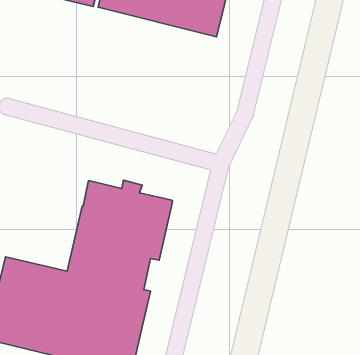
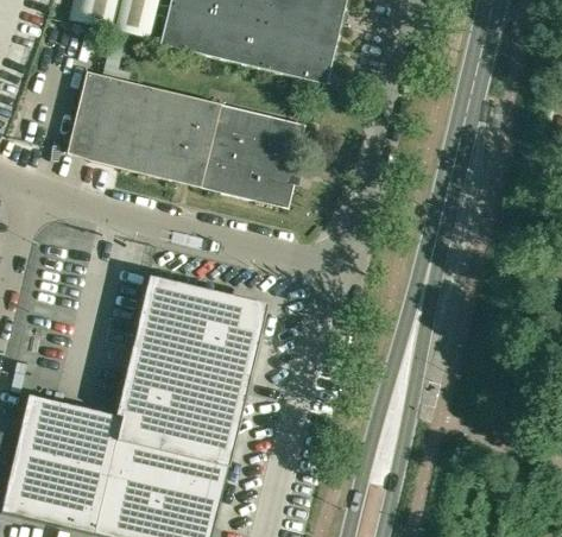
building: none -> [67,39,305,206]

